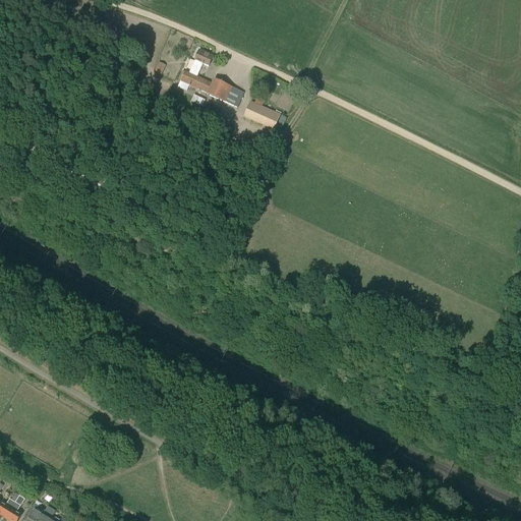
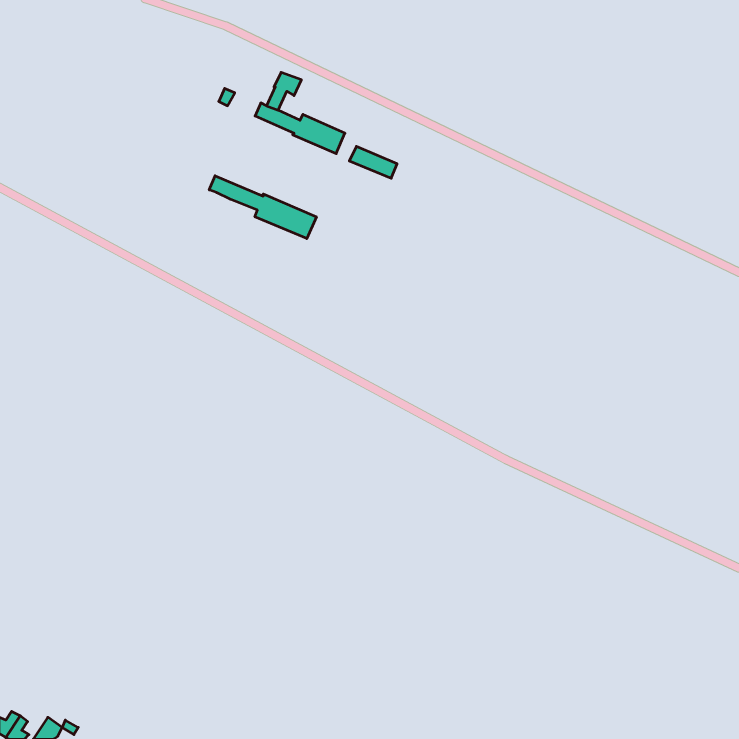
building: none -> [209,176,316,239]

